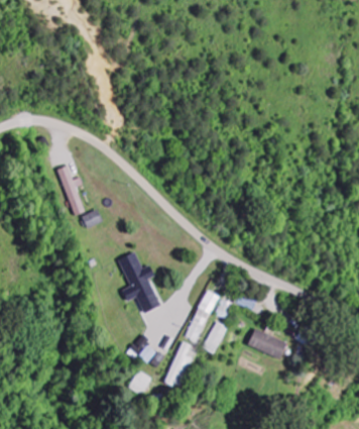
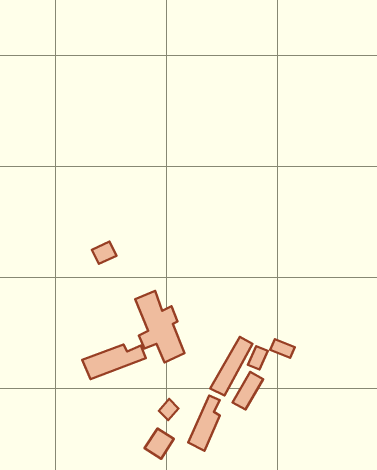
building: [56,166,84,215] -> none
building: none -> [82,345,146,379]
building: [247,329,286,358] -> none

